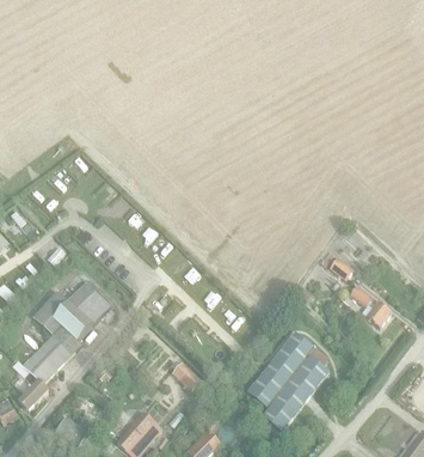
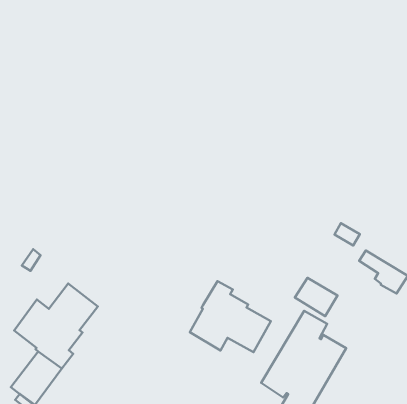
building: none -> [190,281,271,352]
building: none -> [295,278,337,316]

